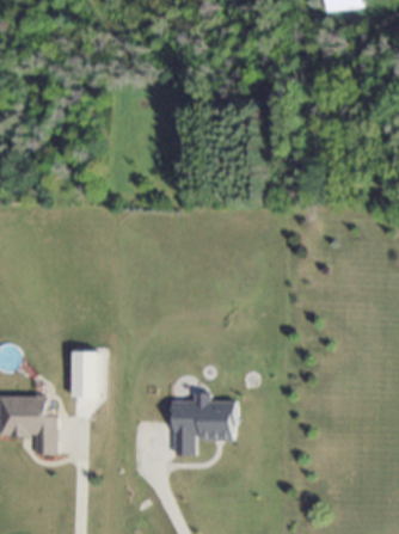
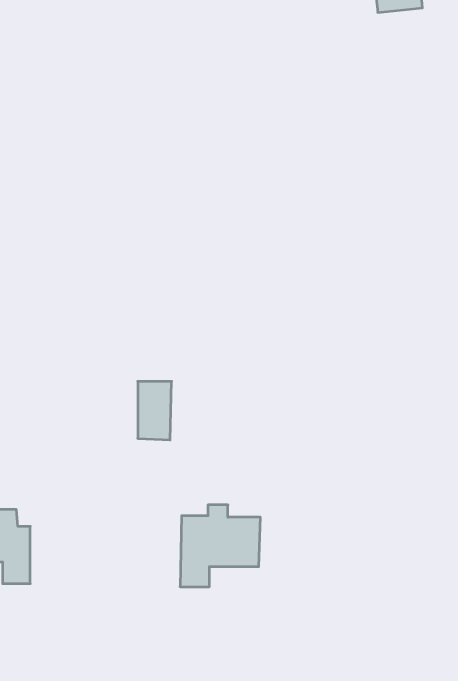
building: [73,351,99,397] -> [138,381,172,440]

